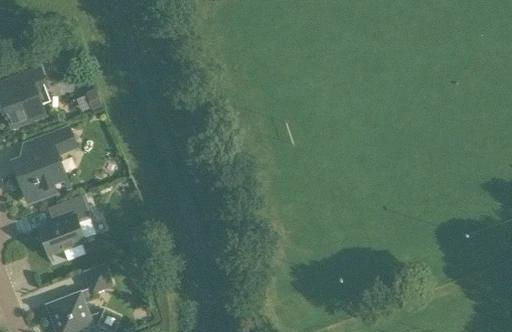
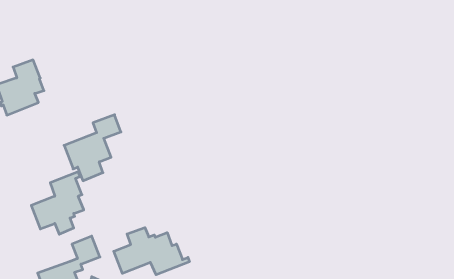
building: [12,128,75,201] -> [64,115,121,181]
building: none -> [114,228,189,275]

